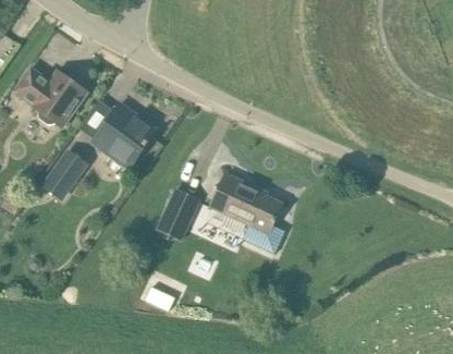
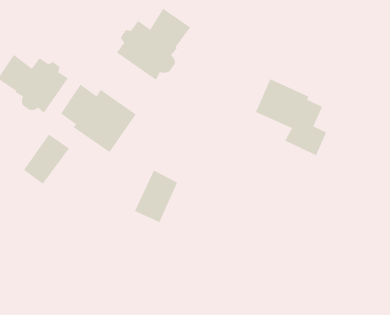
building: none -> [116,8,191,80]
building: [210,174,284,254] -> [255,78,327,156]

